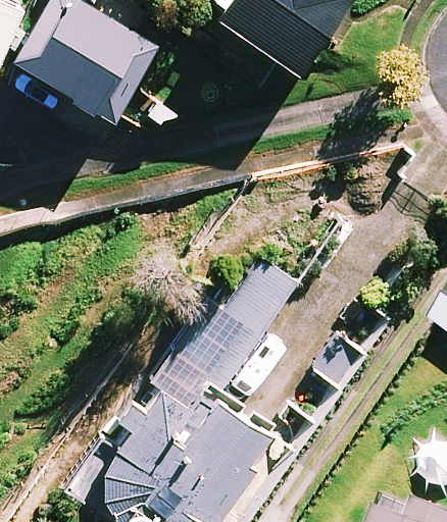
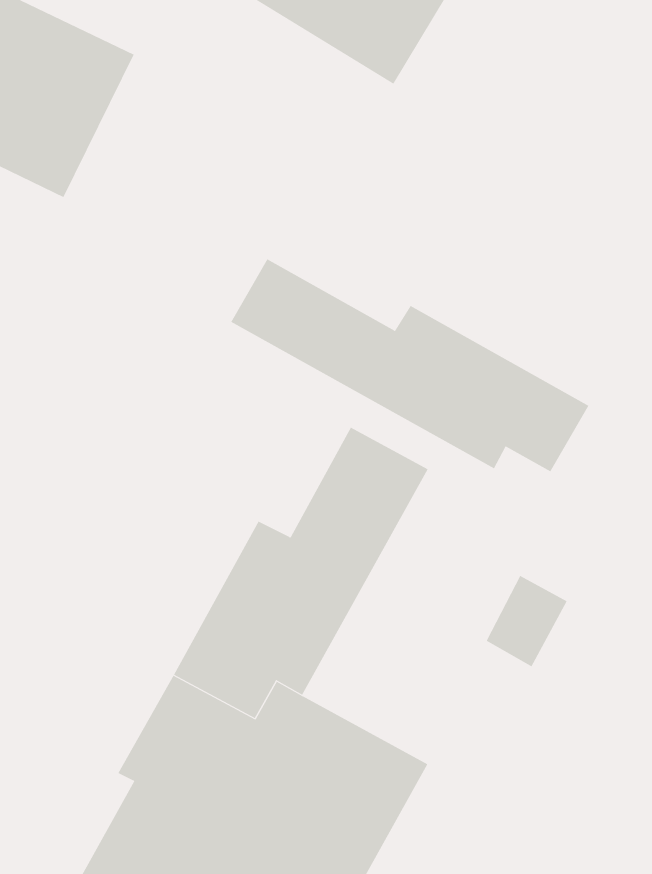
building: none -> [231,258,589,472]

